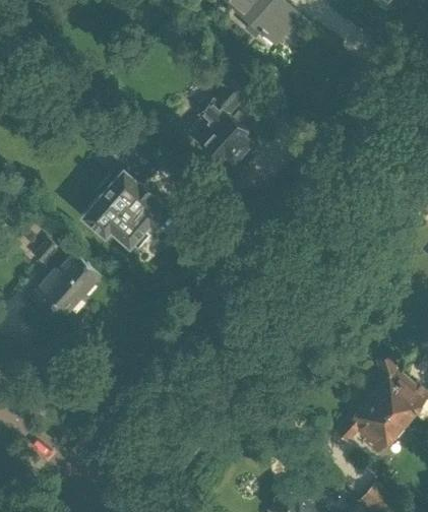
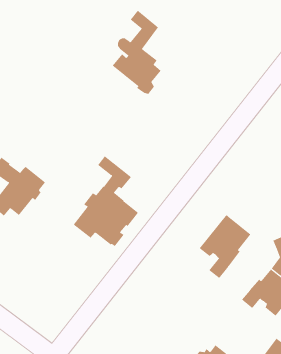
building: [84,135,167,249] -> [73,156,139,247]
building: none -> [199,214,251,279]

